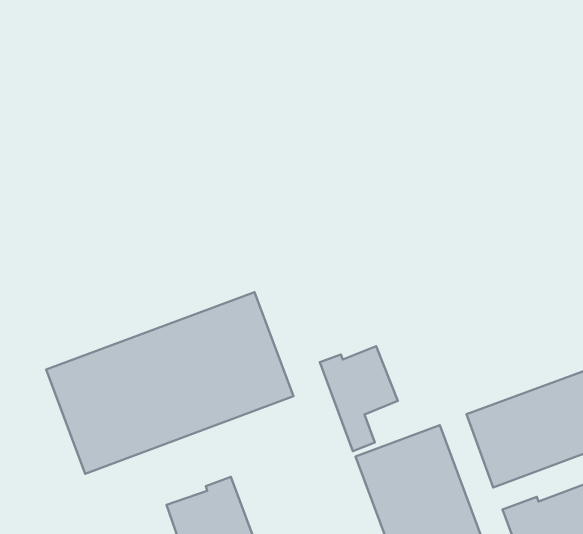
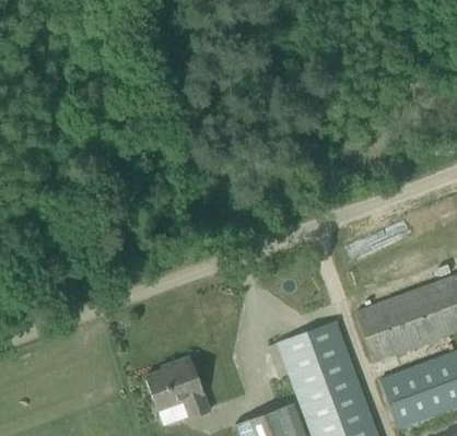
building: [46,292,293,474] -> none
building: [320,346,398,451] -> none

